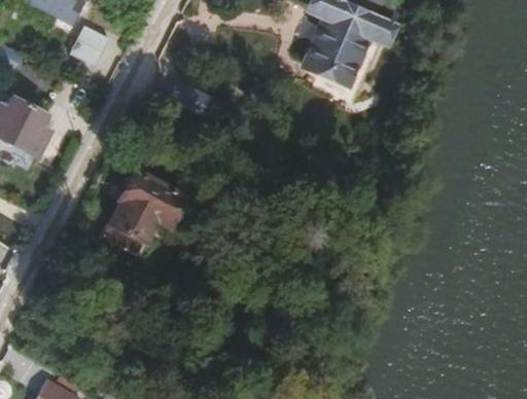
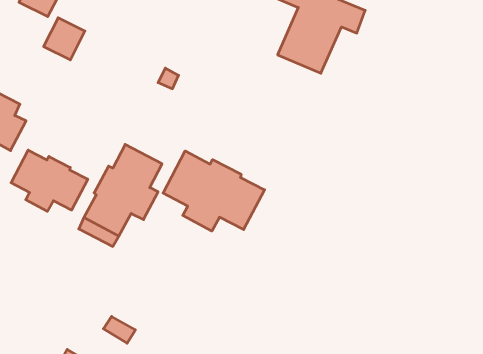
building: none -> [11,150,88,211]
building: none -> [163,151,265,231]

